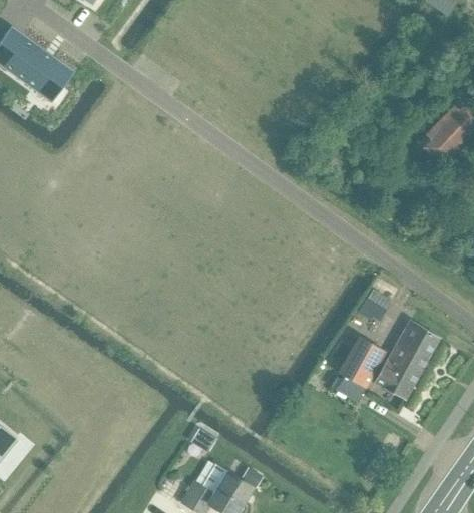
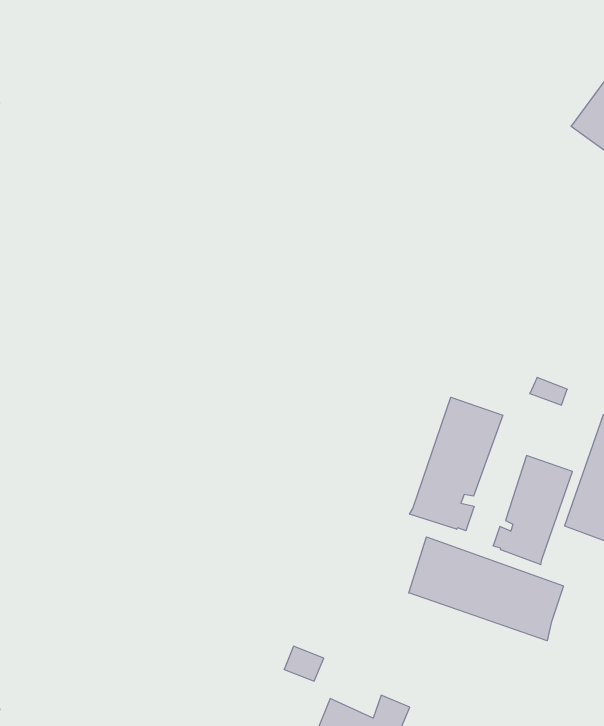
building: none -> [410,397,503,531]
building: none -> [409,537,564,641]

